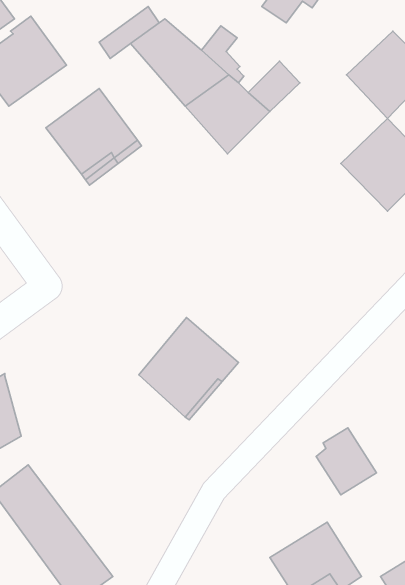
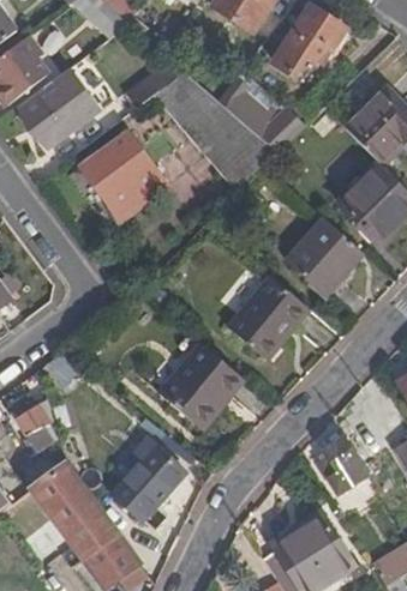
building: none -> [283,212,363,294]
building: none -> [231,271,313,351]
building: none -> [114,439,188,517]

